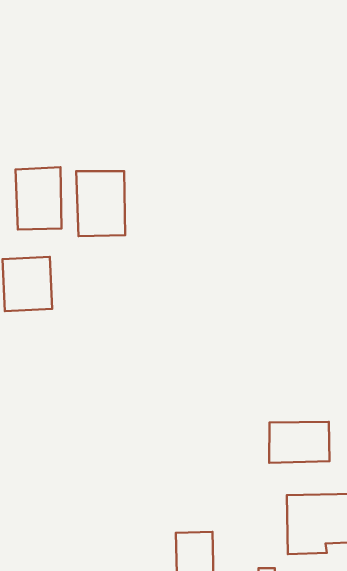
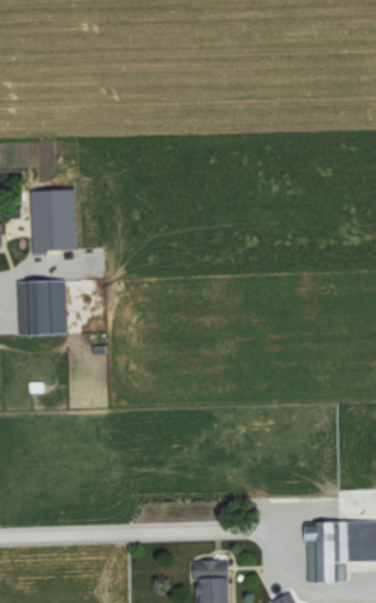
building: [76,171,125,236] -> none
building: [269,422,330,463] -> none

